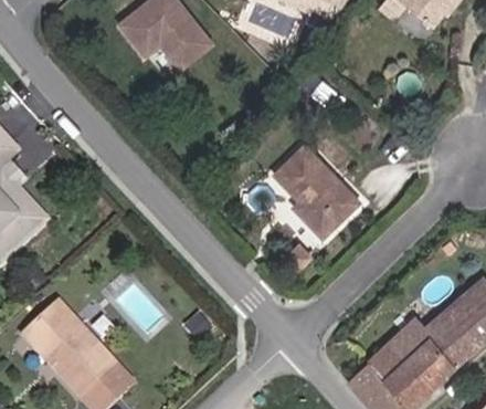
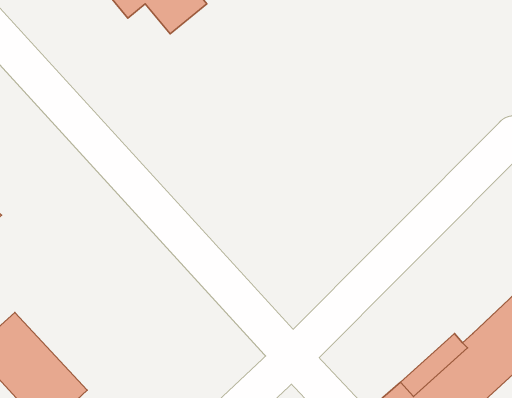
building: [278,141,363,234] -> none

